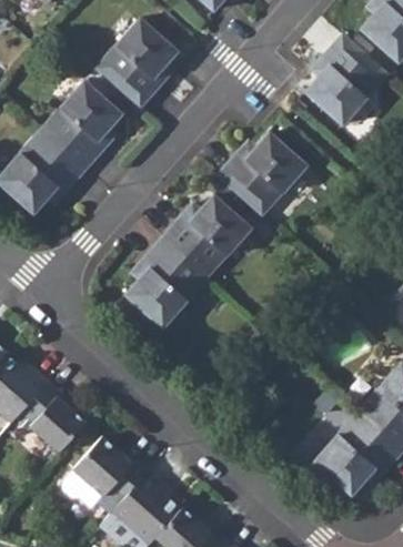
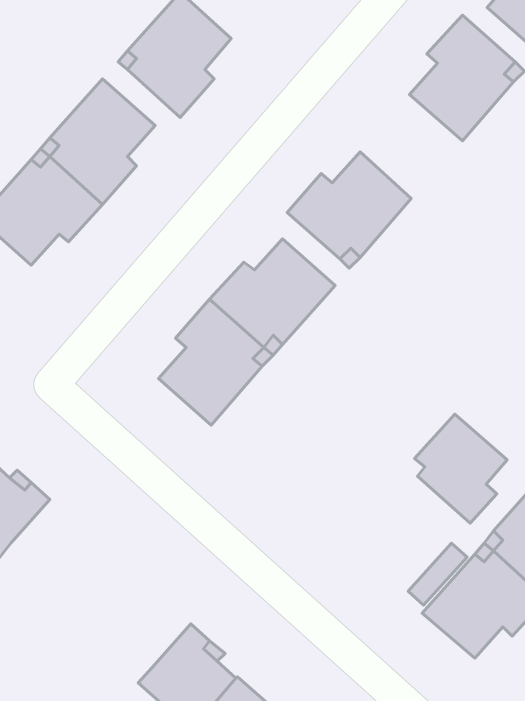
building: none -> [414,414,507,523]
building: [19,382,84,454] -> none
building: [61,437,148,502] -> none

